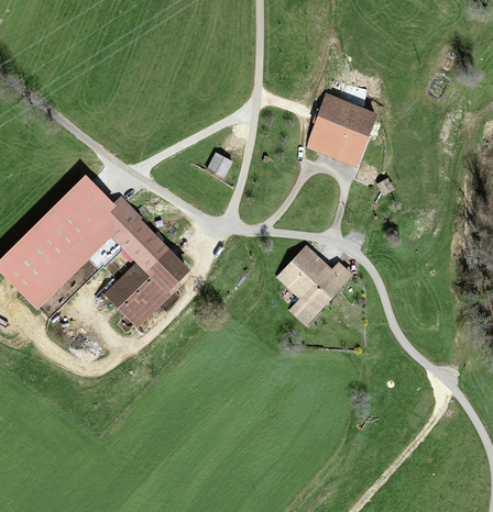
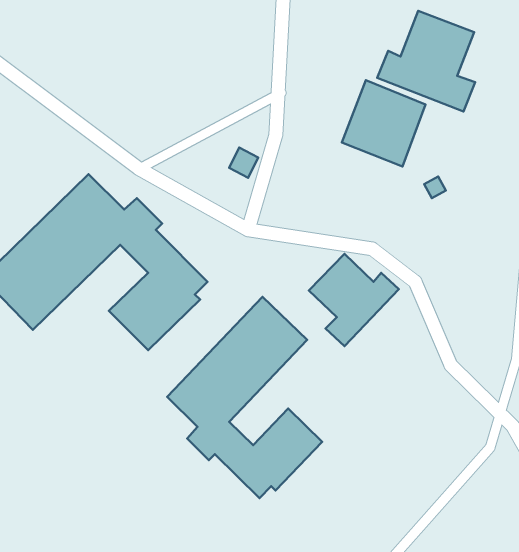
building: none -> [377,11,475,111]
building: none -> [167,297,322,498]

